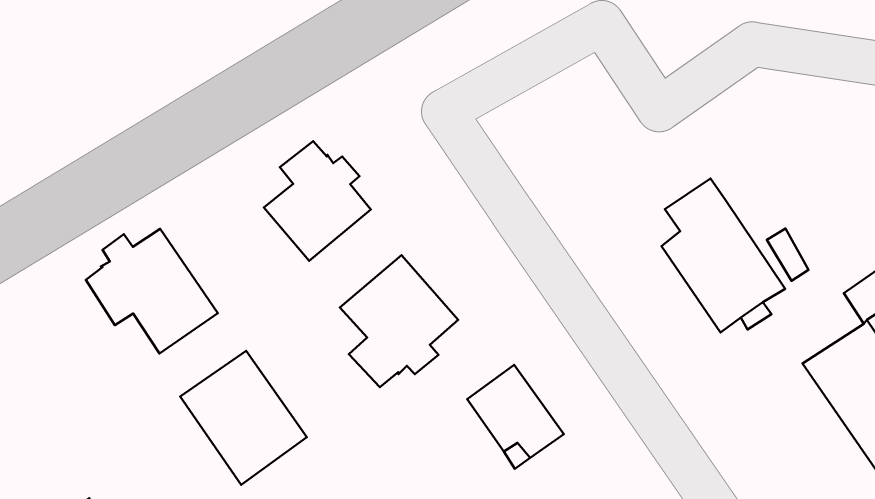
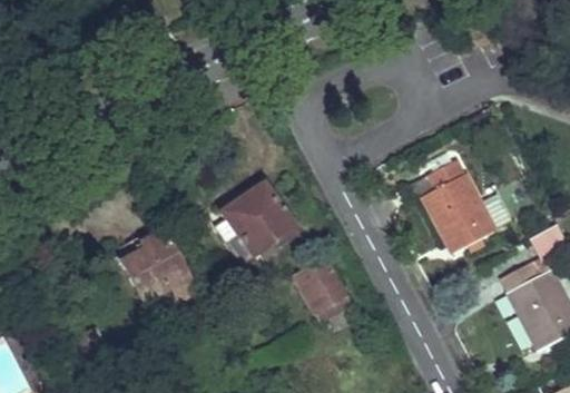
building: [264,141,371,261] -> none
building: [86,229,218,354] -> none

